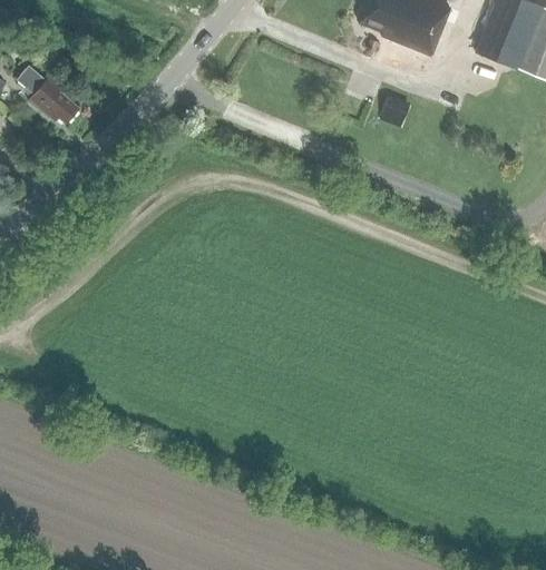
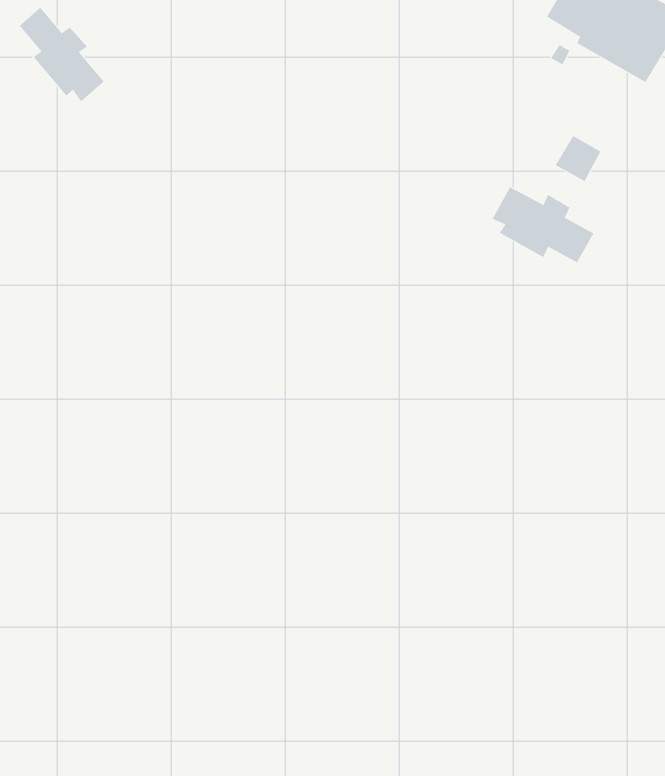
building: none -> [492,186,594,263]

